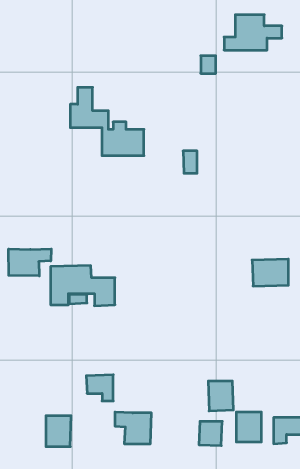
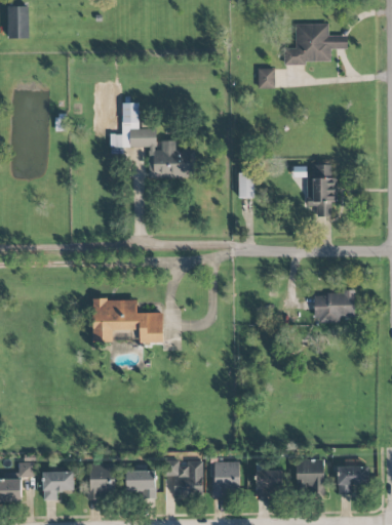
building: none -> [306,164,334,215]
building: [9,249,51,276] -> none
building: [86,375,113,401] -> [125,470,155,498]
building: [208,381,233,411] -> [212,461,240,494]
building: none -> [43,471,73,499]

